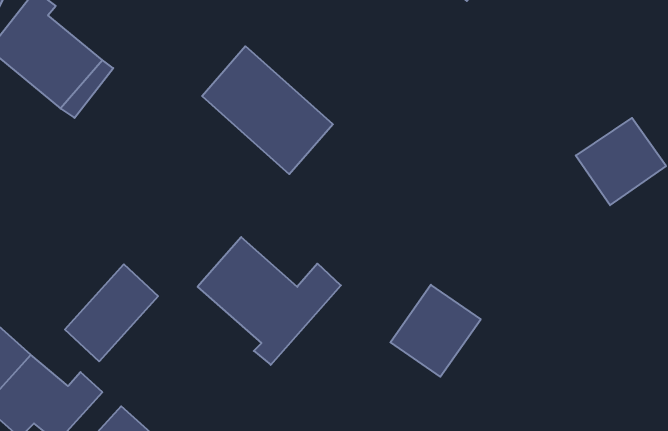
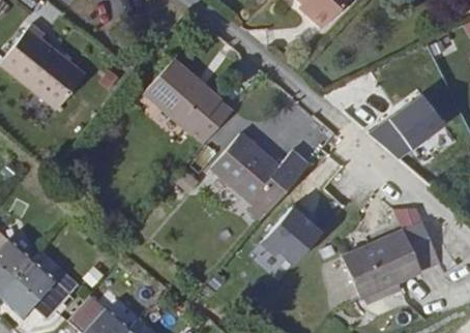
building: [198,237,341,365] -> [209,130,304,215]
building: [65,264,158,361] -> none
building: none -> [340,226,439,296]

